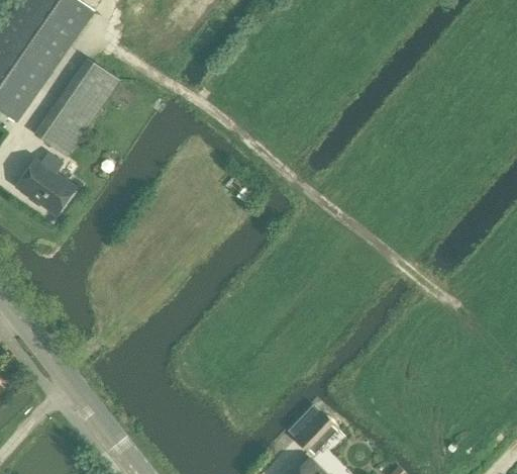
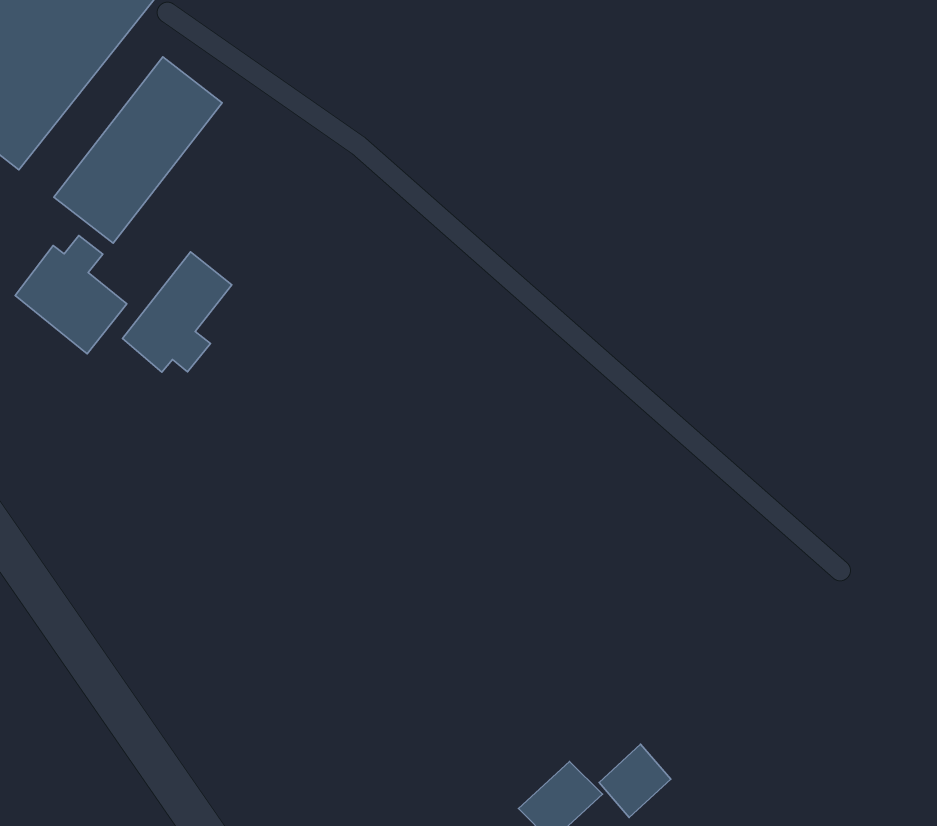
building: none -> [122,252,232,372]
building: none -> [599,744,671,817]

